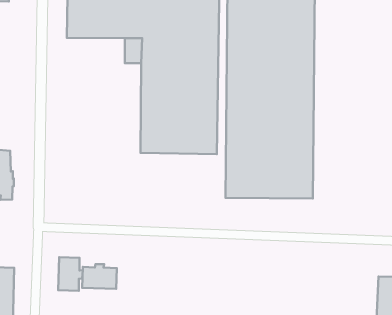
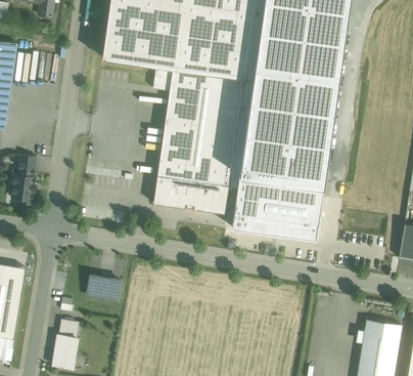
building: none -> [153,175,229,214]
building: [58,257,83,291] -> none

